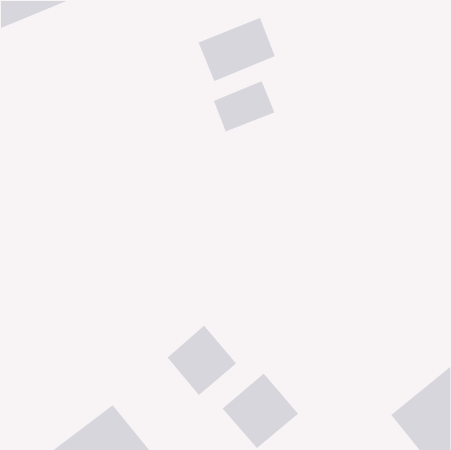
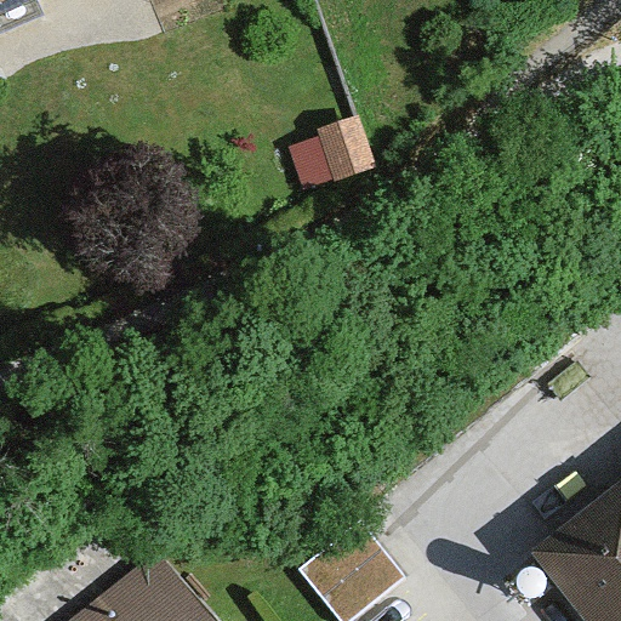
building: [198,17,276,82] -> none
building: [166,325,237,396] -> none

